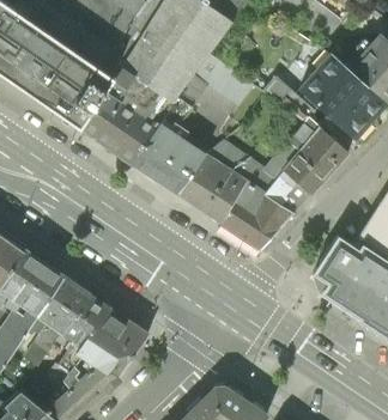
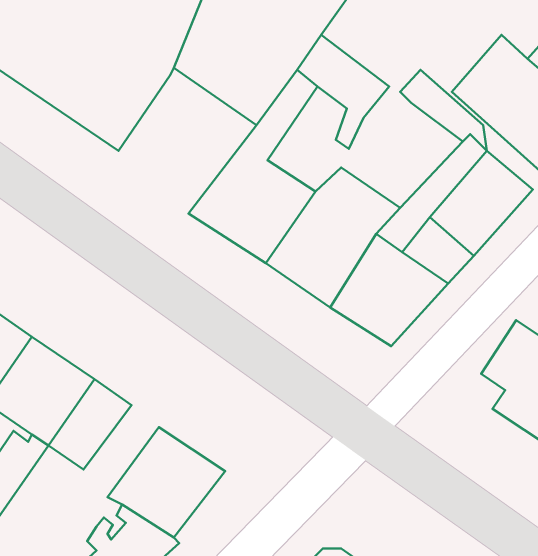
building: [75,73,170,168] -> none
building: [57,292,107,371] -> none

